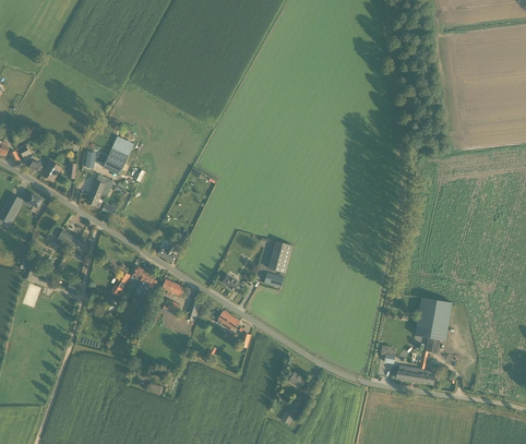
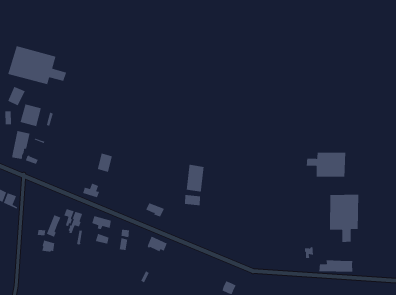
building: none -> [7,45,67,85]
building: none -> [306,152,346,177]

